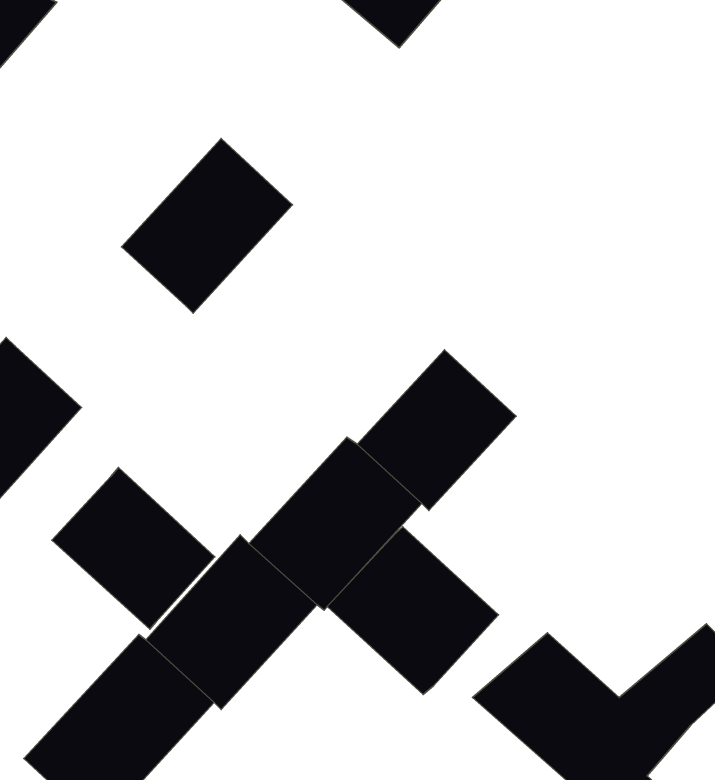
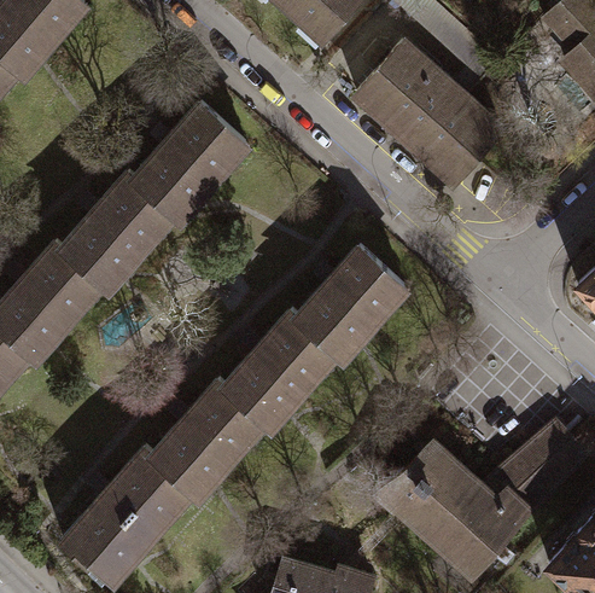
building: none -> [351,43,498,186]
building: none -> [59,174,177,293]
building: [52,468,215,629] -> none
building: [327,527,499,695] -> none

